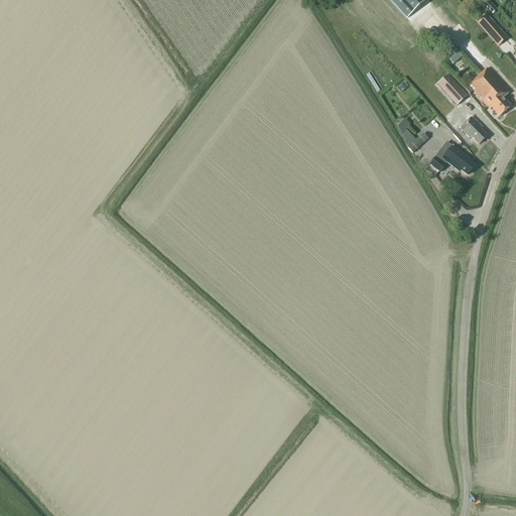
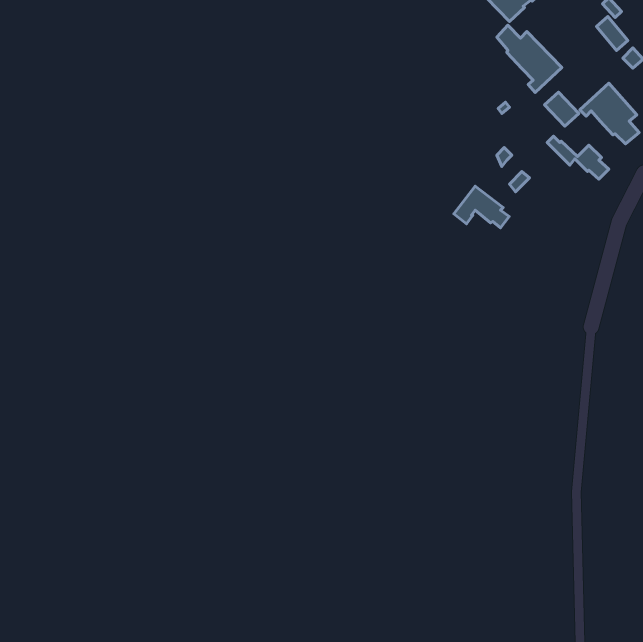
building: none -> [497,25,562,93]
building: [430,141,475,174] -> [454,186,509,228]

